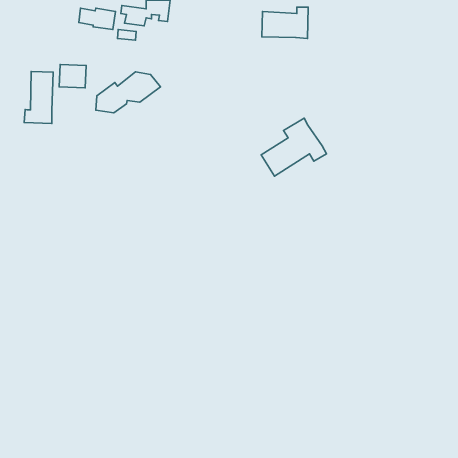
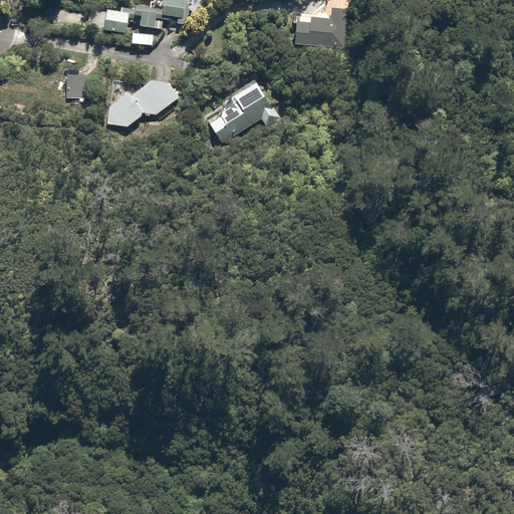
building: [24,72,53,124] -> none
building: [261,118,327,176] -> [207,77,280,143]

